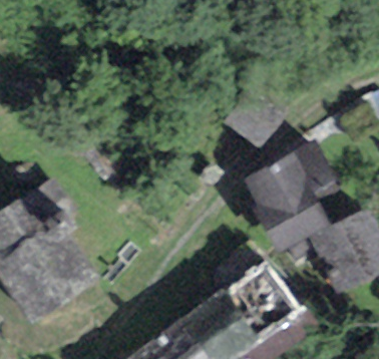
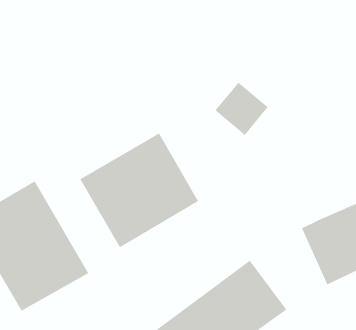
building: none -> [79,132,199,248]
building: [243,145,333,251] -> none

